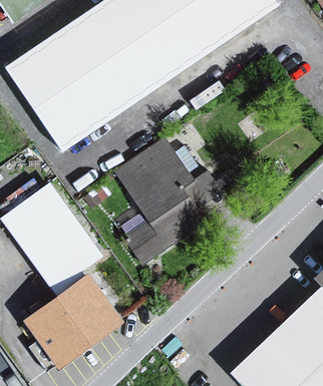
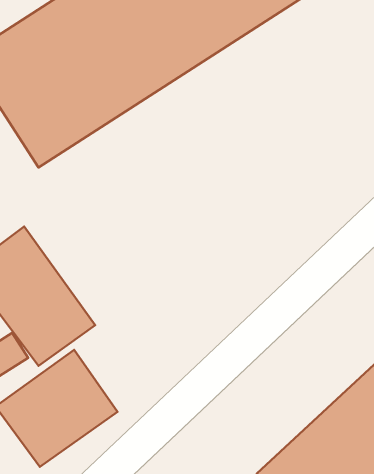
building: [105,134,222,265] -> none

